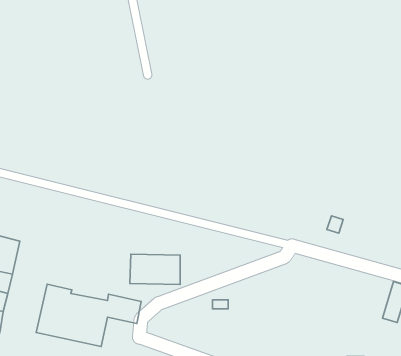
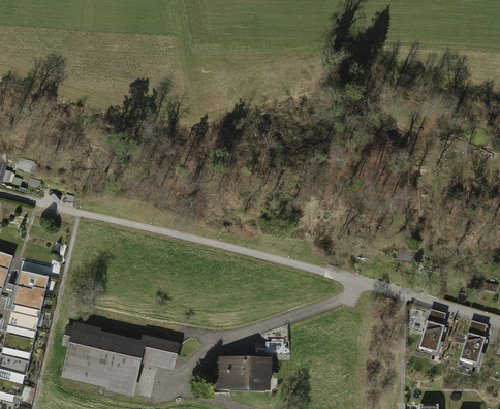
building: [130,254,180,284] -> [213,356,270,390]
building: none -> [416,308,445,353]

